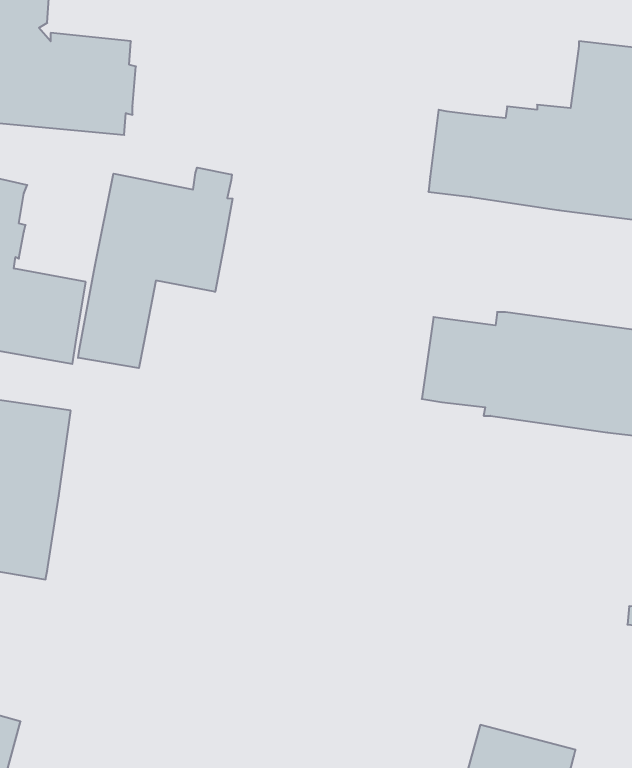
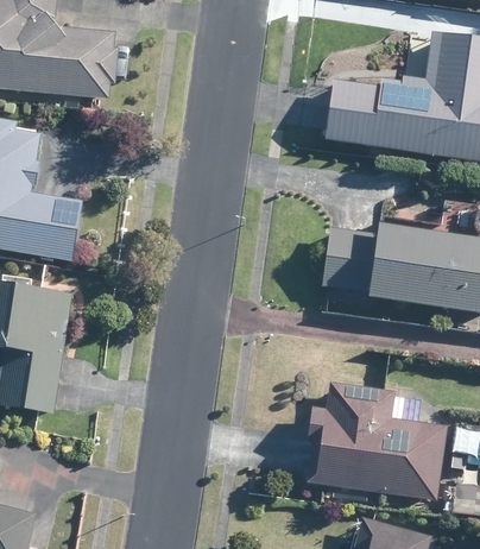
building: [78,168,233,368] -> none
building: none -> [305,381,446,500]

